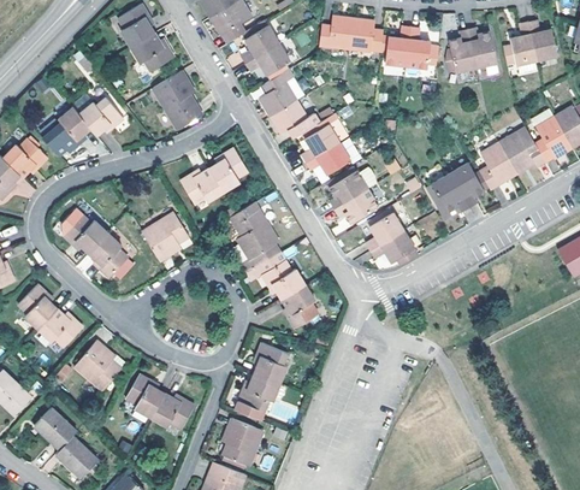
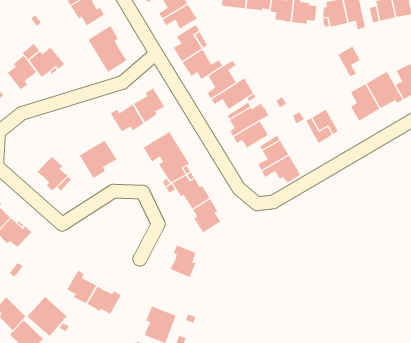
building: [448,163,477,201] -> [337,46,361,77]
building: [64,214,107,252] -> none
building: [73,340,124,390] -> [27,296,67,337]
building: [235,372,279,419] -> none

